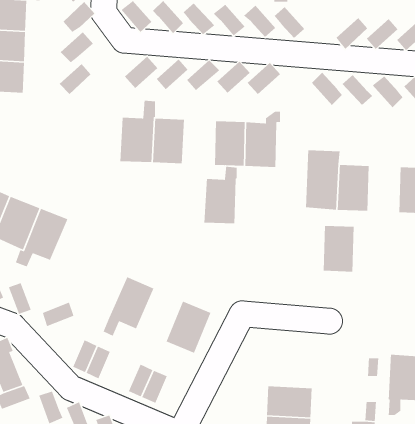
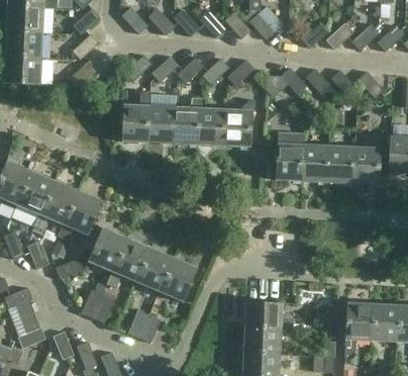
building: [204,166,238,224] -> [174,96,202,145]
building: none -> [58,189,104,240]
building: [323,225,354,272] -> [328,145,354,184]
building: none -> [88,226,127,271]
building: none -> [135,247,174,291]
building: none -> [244,300,294,331]

